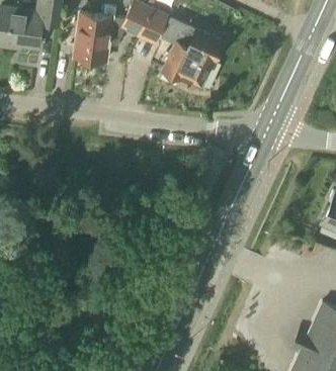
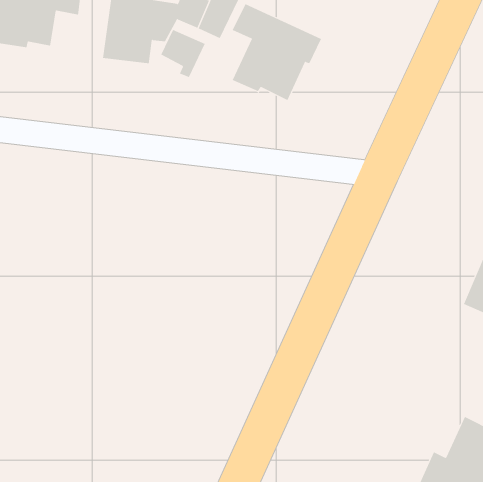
building: none -> [161,29,205,78]

